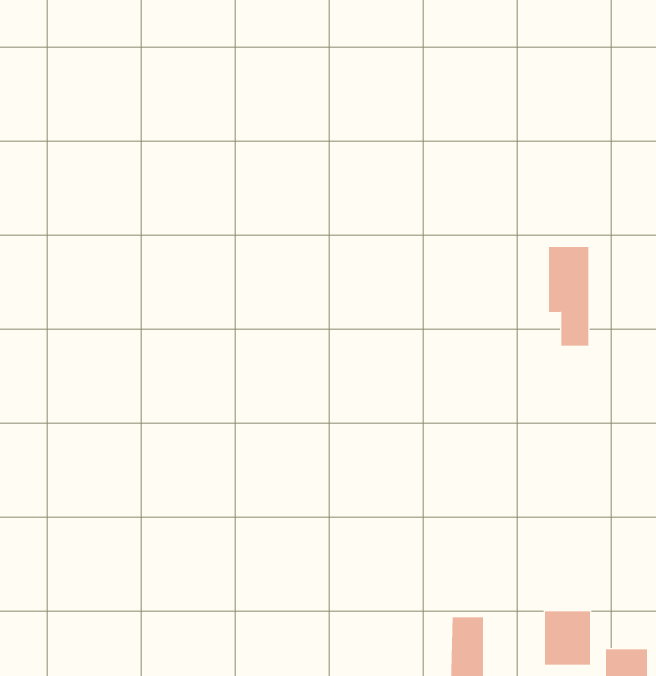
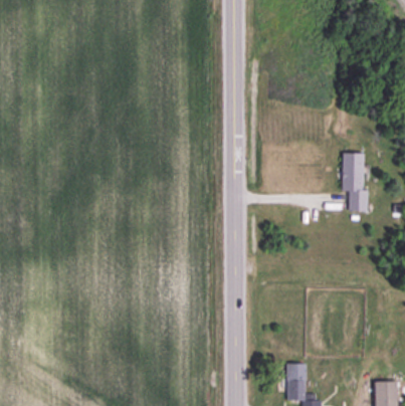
building: [545,611,591,666] -> none

